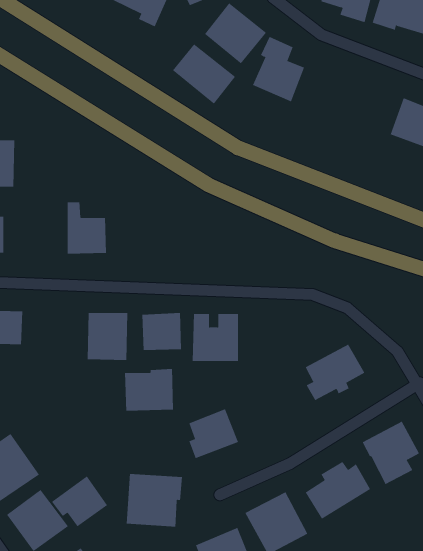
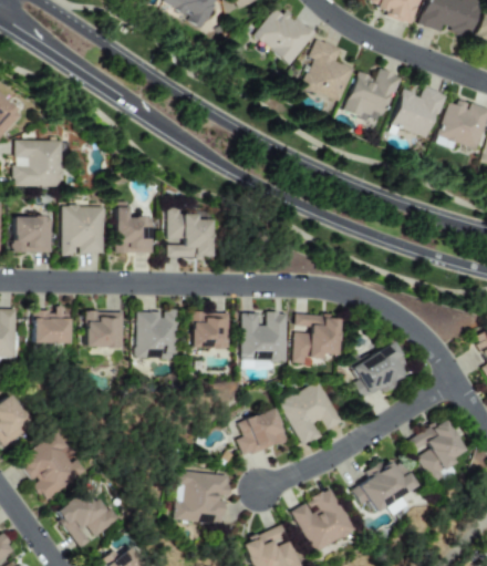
building: [172,43,236,105] -> none
building: none -> [342,69,401,117]
building: none -> [390,85,446,137]
building: none -> [63,206,107,255]
building: none -> [168,208,214,257]
building: none -> [86,311,125,348]
building: none -> [292,313,340,364]
building: [125,368,174,412] -> none
building: none -> [279,381,341,446]
building: [51,476,108,527] -> none

